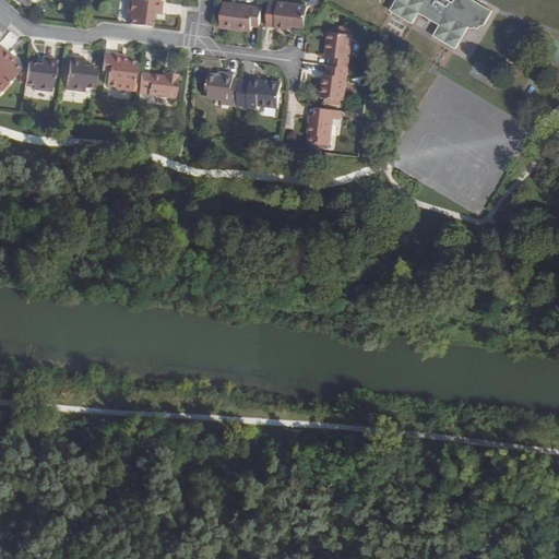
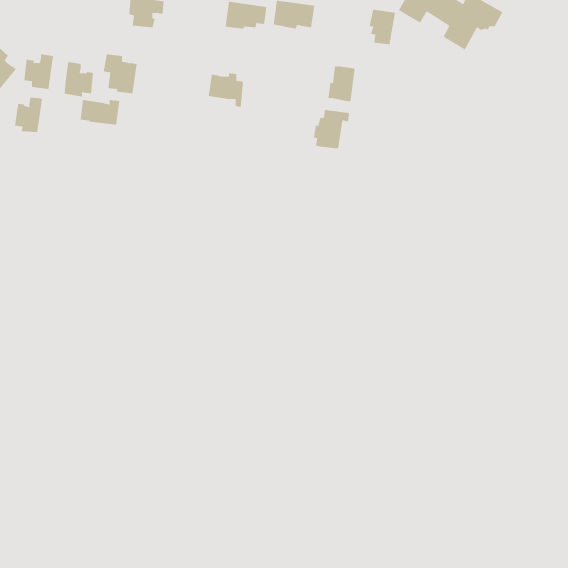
building: [325,32,352,67] -> [369,9,396,45]
building: [136,73,176,98] -> [80,100,120,125]
building: [236,78,280,107] -> none
building: none -> [14,97,42,133]

